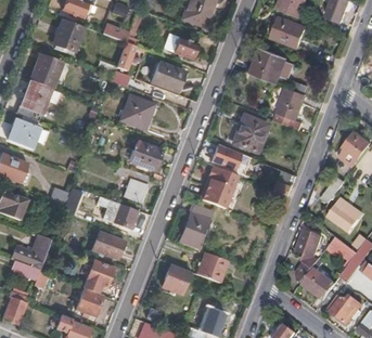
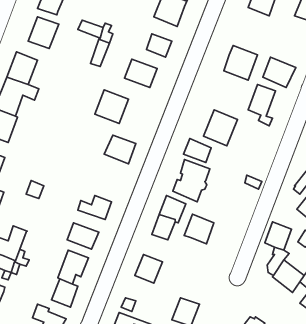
building: [272,17,306,49] -> [263,57,296,88]
building: [124,172,150,203] -> none
building: [196,252,227,283] -> [184,214,214,244]

